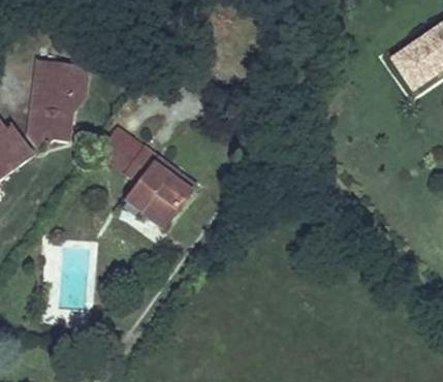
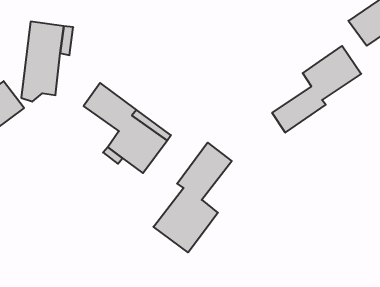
building: none -> [272,46,361,133]
building: none -> [153,143,232,252]

